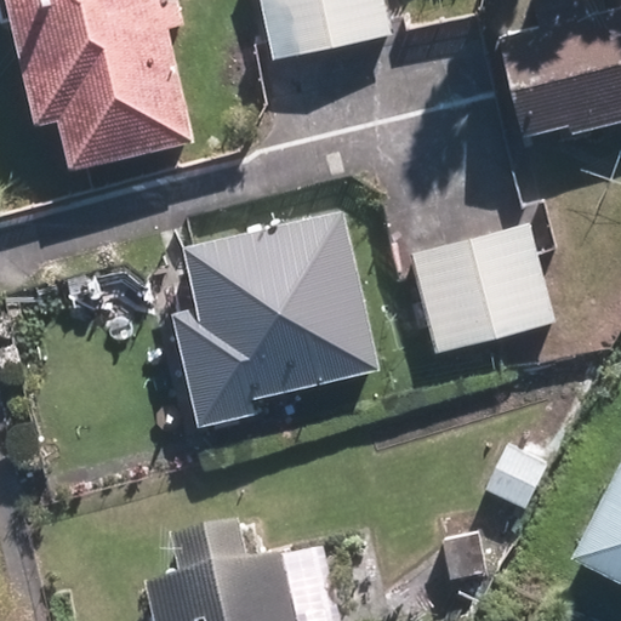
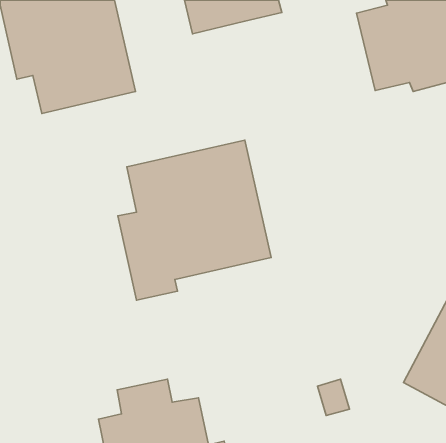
building: [416,223,562,354] -> none

